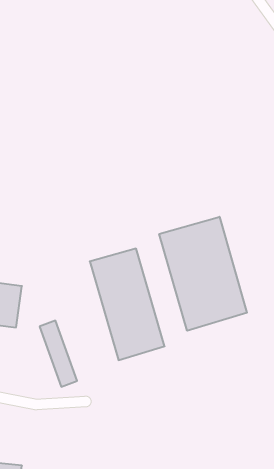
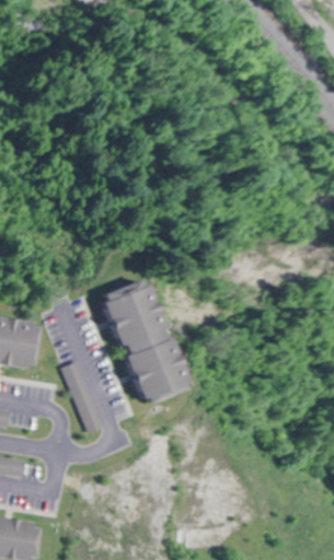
building: [159,217,247,331] -> none

